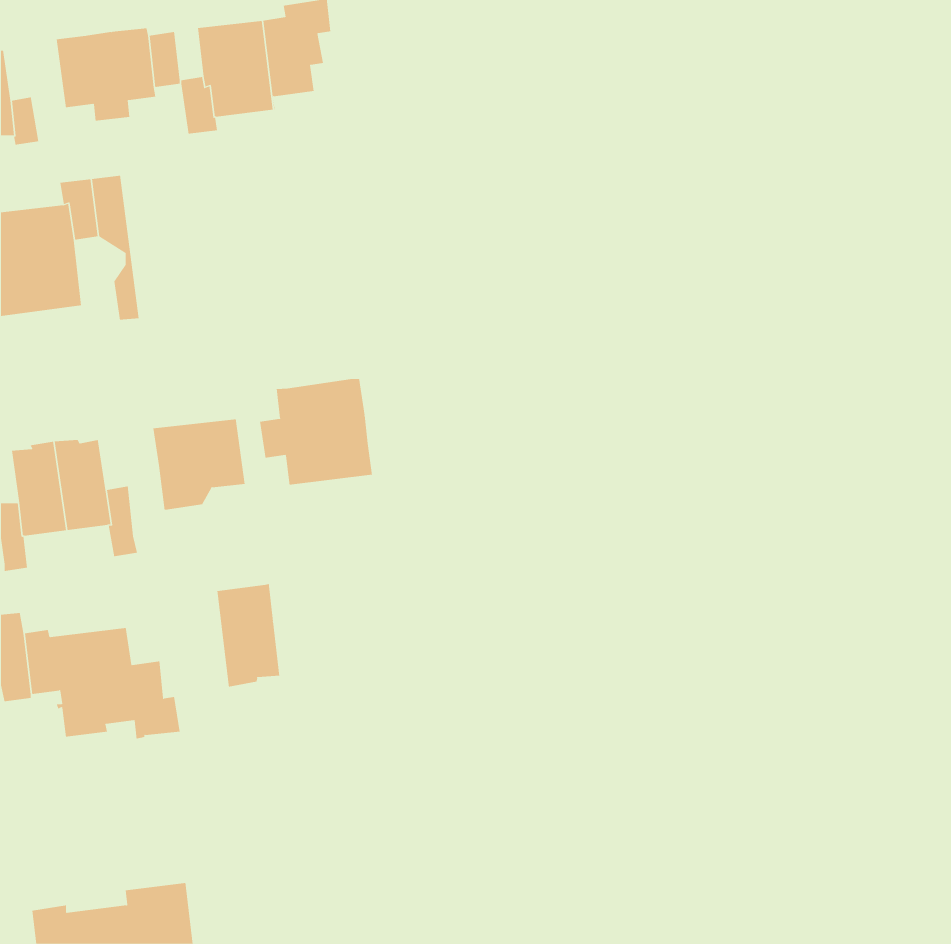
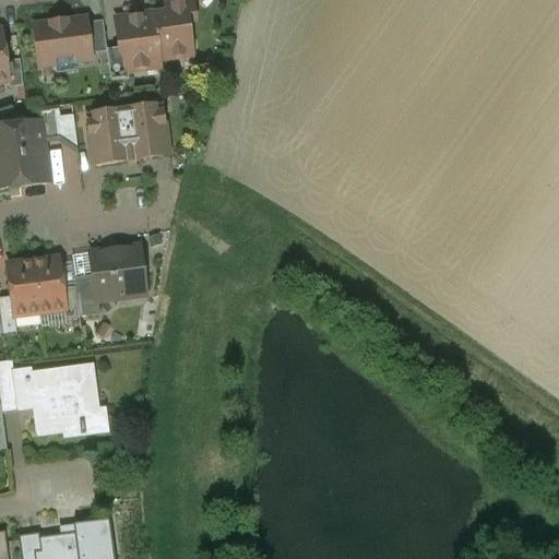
building: none -> [87,105,166,162]
building: [259,378,372,485] -> none
building: none -> [74,273,99,314]
building: [217,583,280,687] -> none

